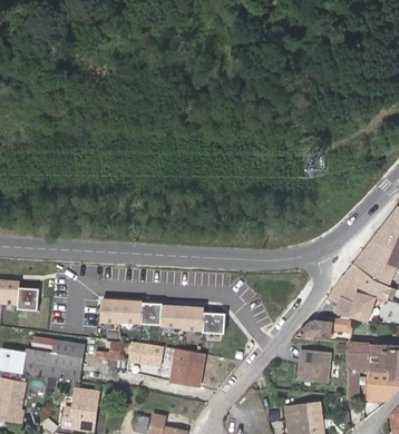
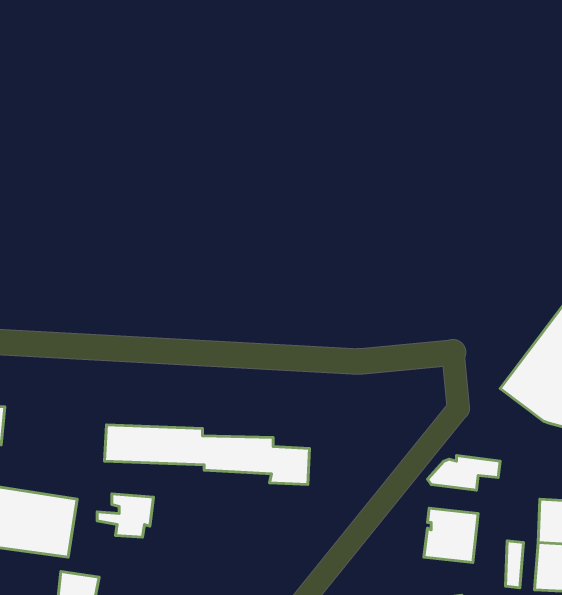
building: [329,276,373,322] -> none
building: [348,342,368,371] -> none
building: [128,343,163,364] -> none
building: [169,349,205,388] -> none

